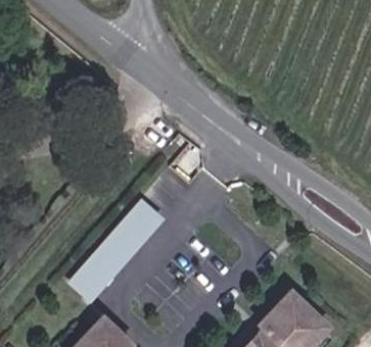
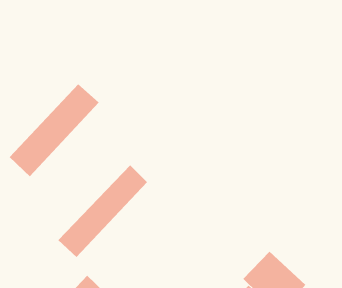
building: none -> [9,84,99,177]

